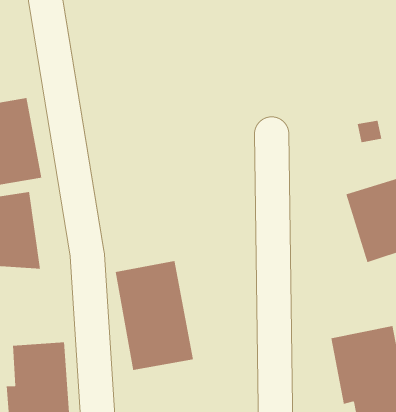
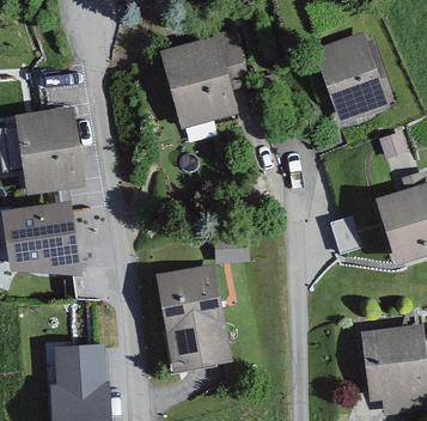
building: none -> [158,26,244,130]
building: none -> [312,35,391,122]

